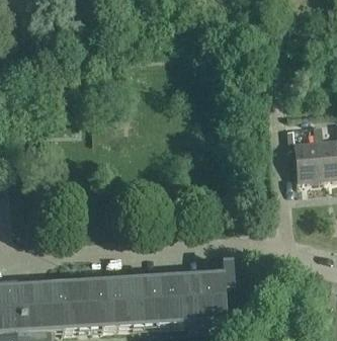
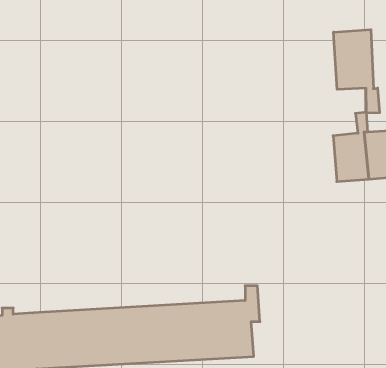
building: none -> [334,30,380,113]

